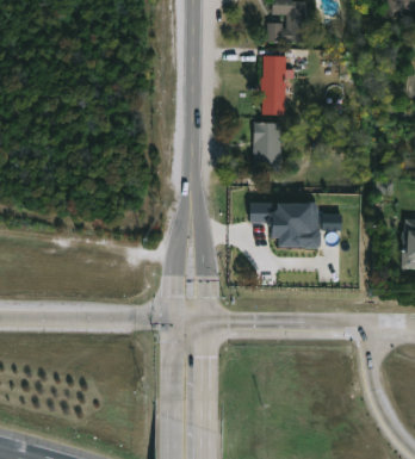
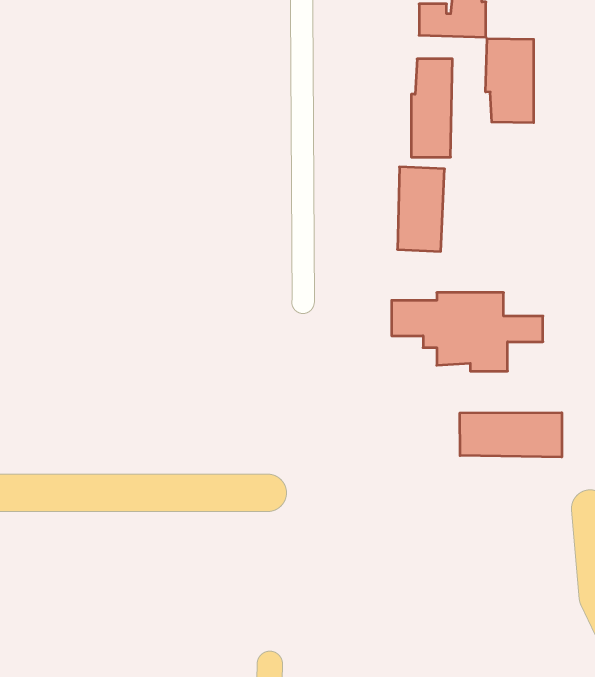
building: none -> [486,39,534,123]
building: none -> [460,413,562,457]

